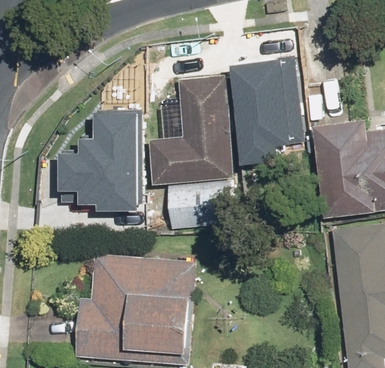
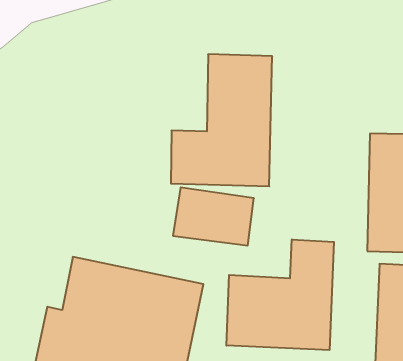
building: [229,62,305,169] -> none
building: [57,105,142,208] -> none
building: none -> [226,239,334,350]

